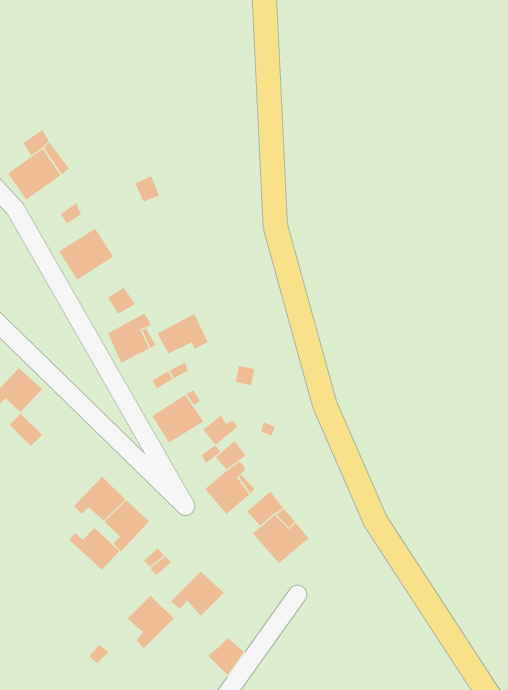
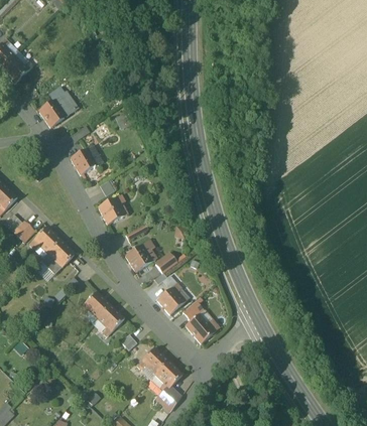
building: [157,313,208,354] -> none
building: none -> [47,240,75,267]
building: [69,527,120,571] -> none
building: [127,595,174,649] -> [154,361,182,393]

